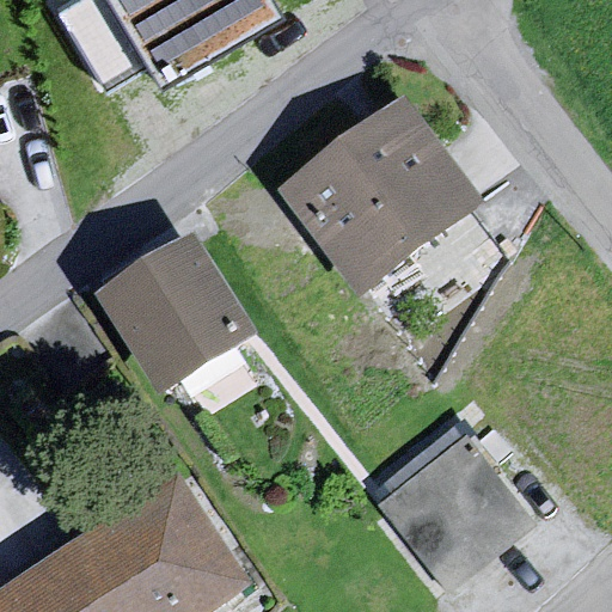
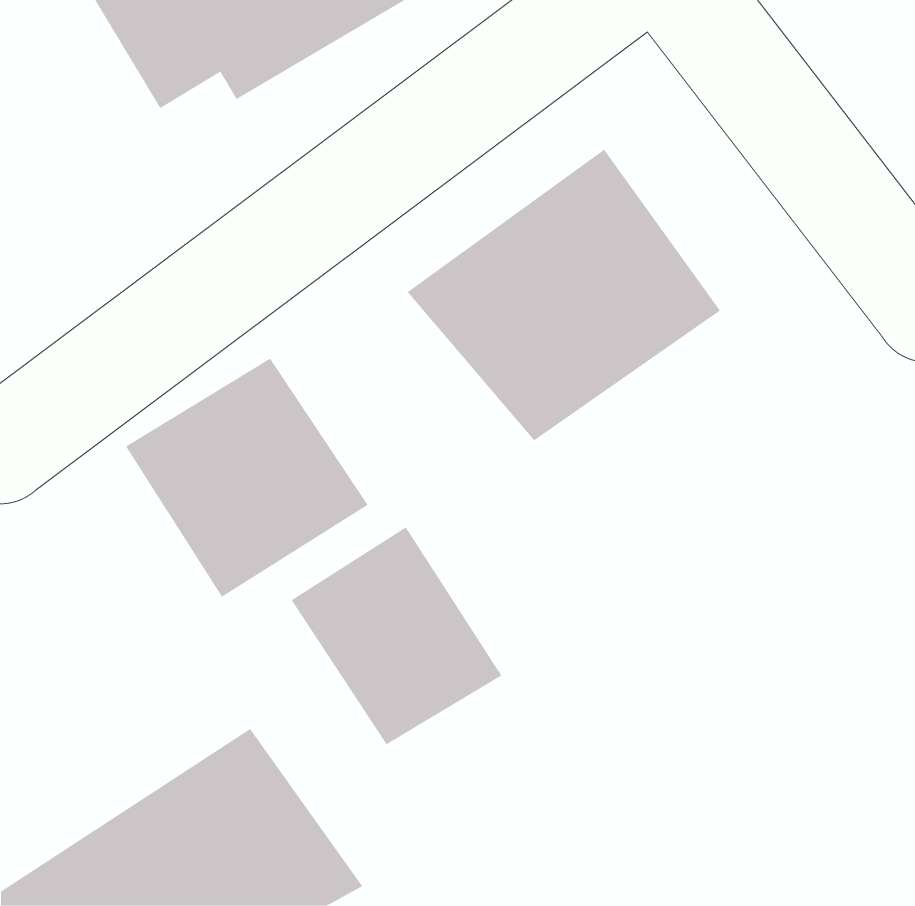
building: none -> [291,526,502,745]
building: [394,432,533,569] -> none

